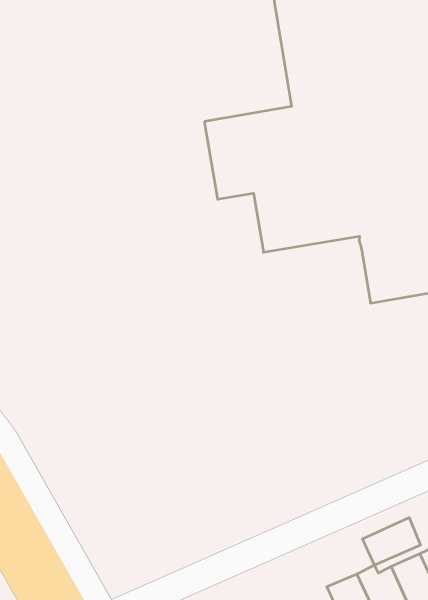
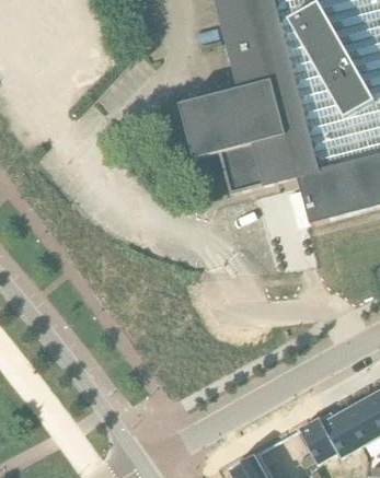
building: [363,518,420,565] -> none

